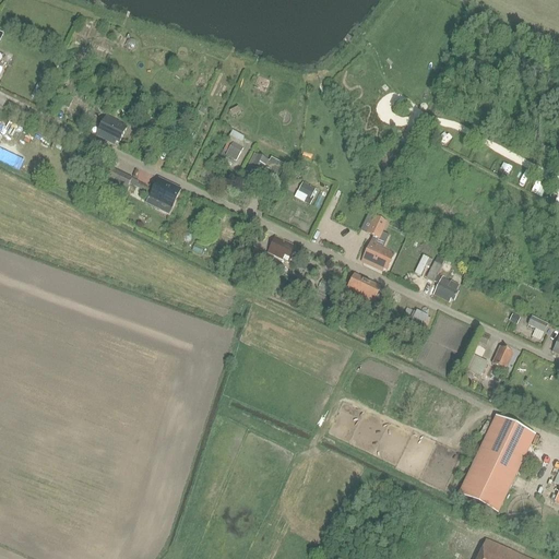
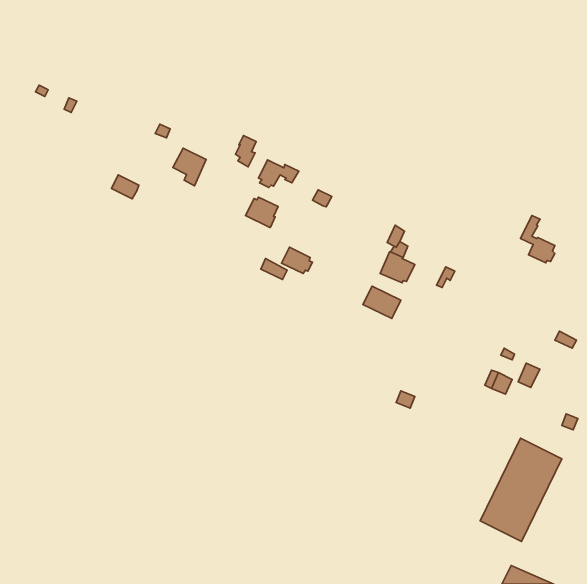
building: [96,114,127,142] -> none
building: [148,177,180,213] -> [173,148,206,186]
building: none -> [246,197,278,228]
building: [426,254,459,299] -> [520,216,555,263]

